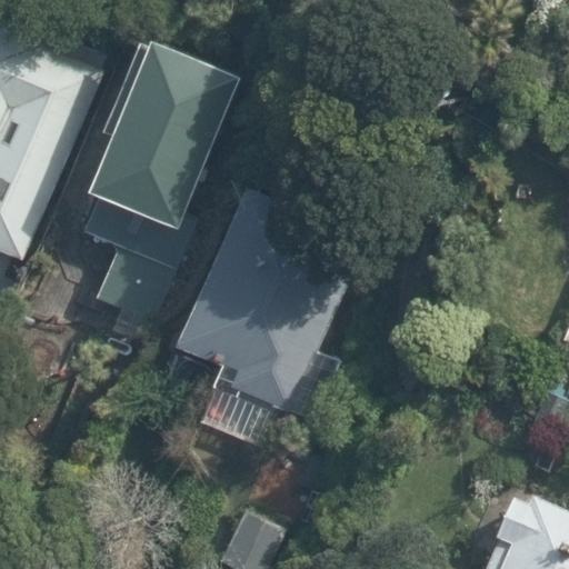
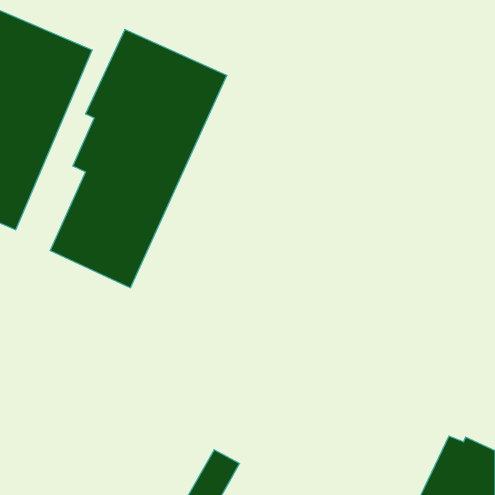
building: [178,193,363,423] -> none

